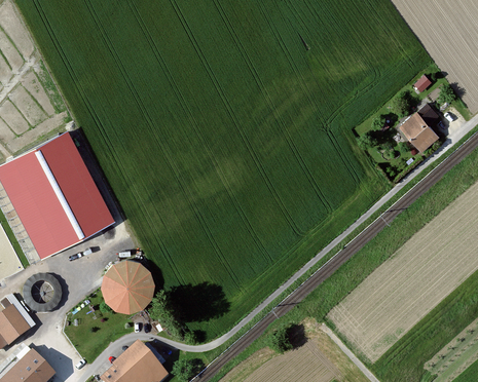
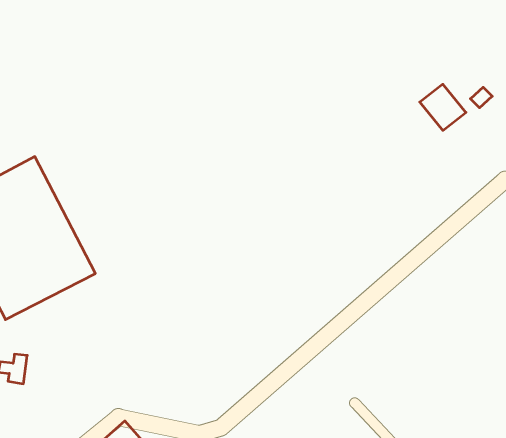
building: [401,116,438,153] -> [420,84,466,130]
building: [99,255,160,314] -> none

